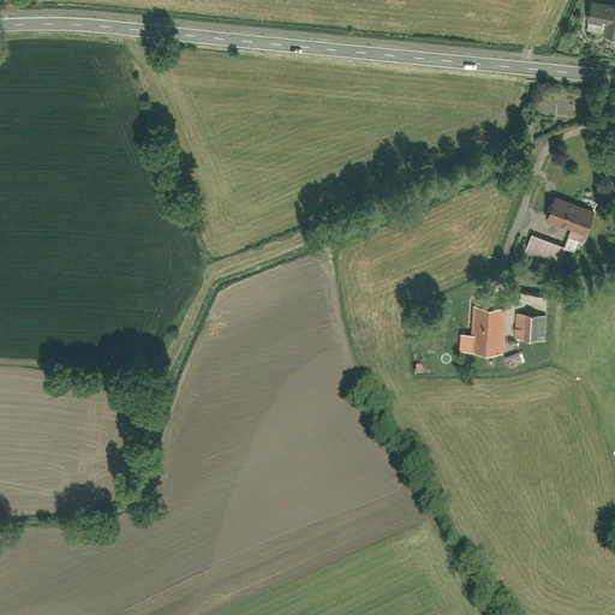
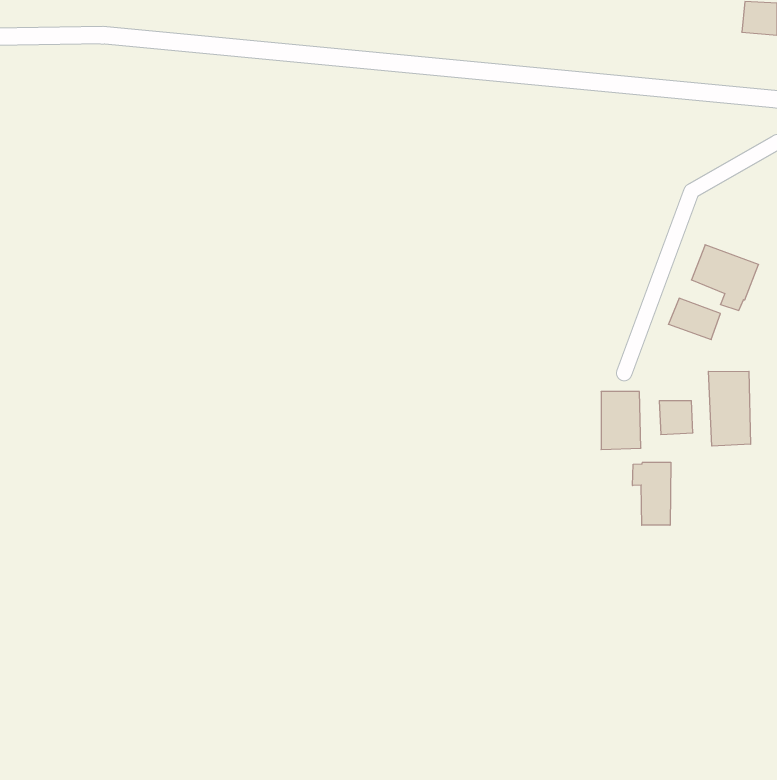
building: none -> [708,371,751,446]
building: none -> [633,462,671,525]

